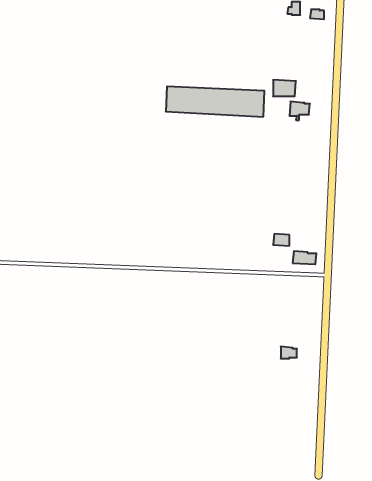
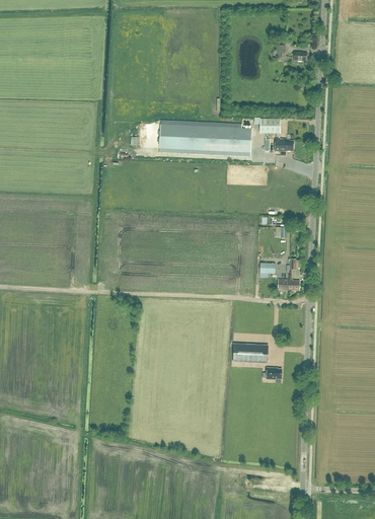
building: none -> [233,343,268,361]

